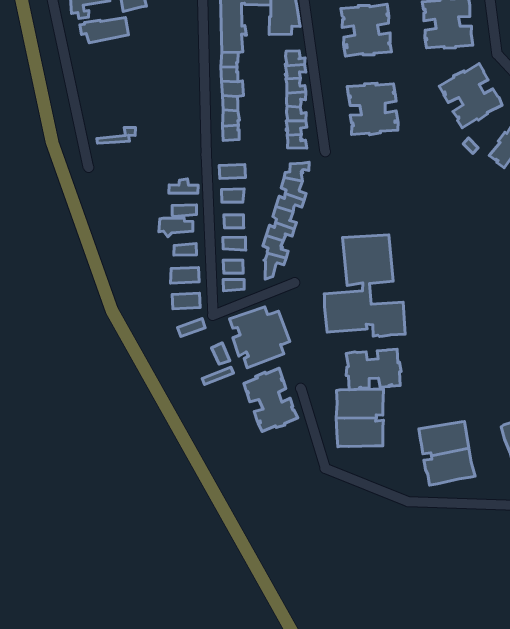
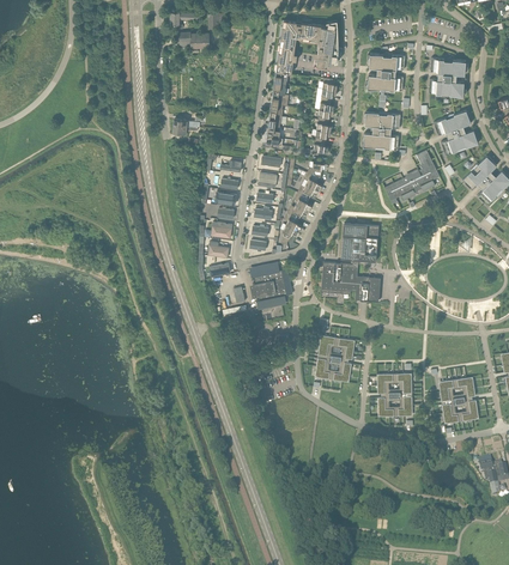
building: none -> [384,150,440,203]
building: [346,349,401,390] -> none
building: [244,368,298,431] -> none

